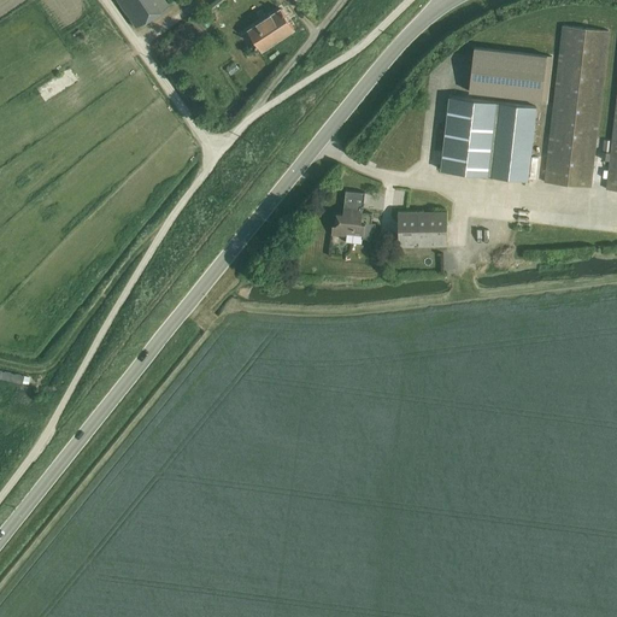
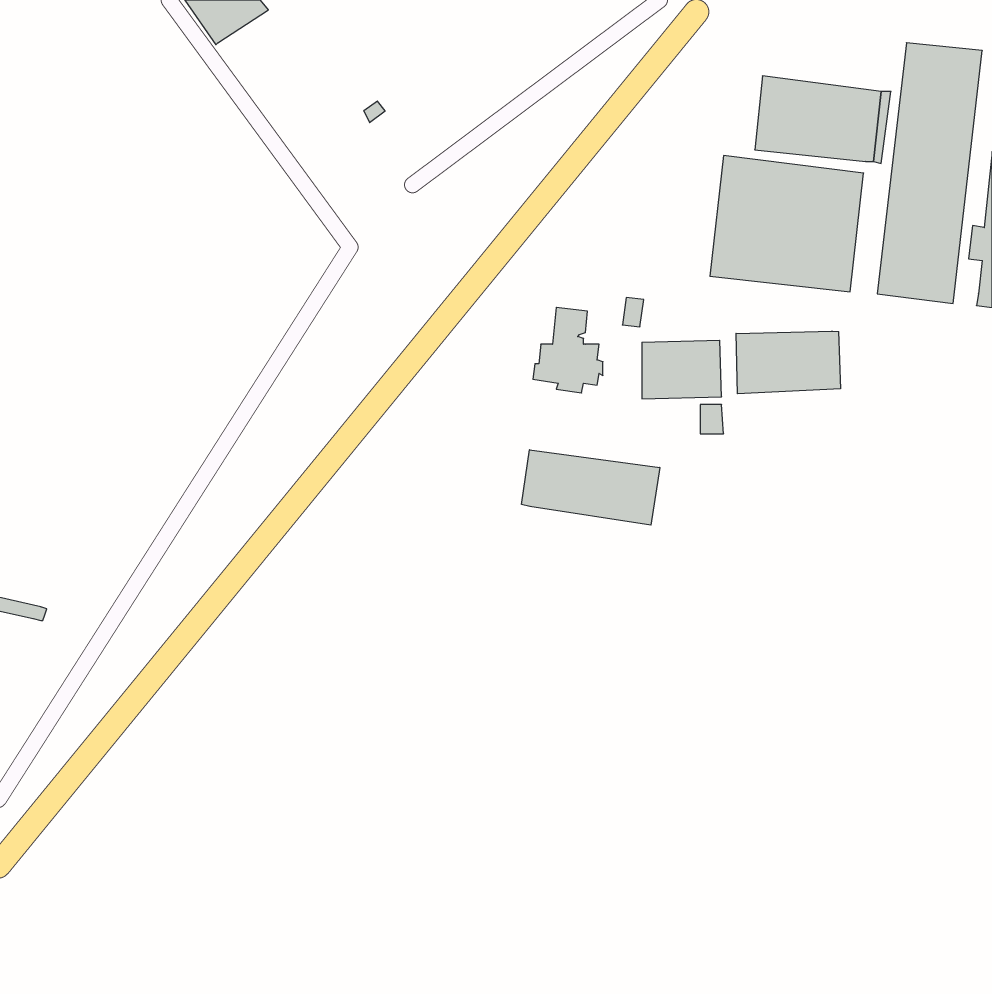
building: [247,8,294,51] -> none
building: none -> [736,331,840,394]
building: none -> [522,450,660,525]

